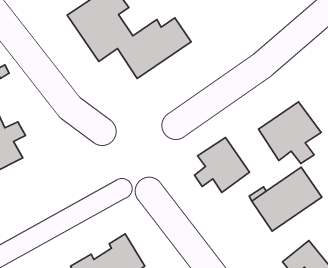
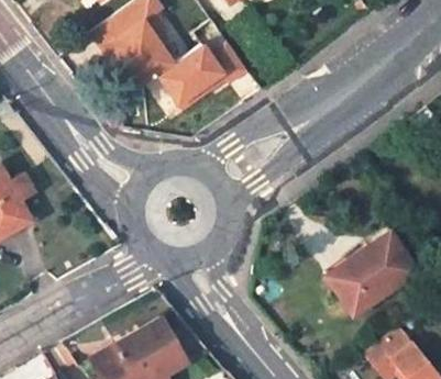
building: [258,102,321,164] -> none
building: [194,137,249,193] -> none

